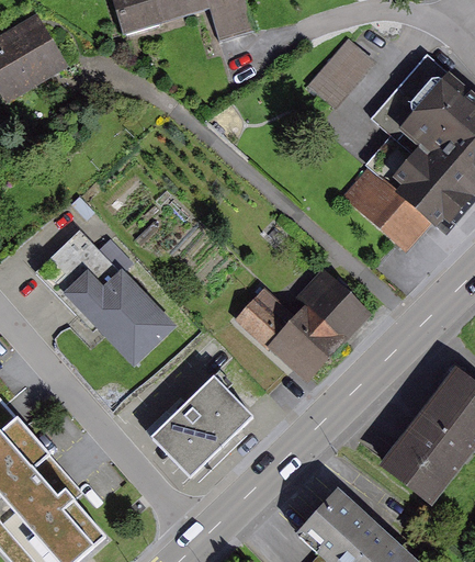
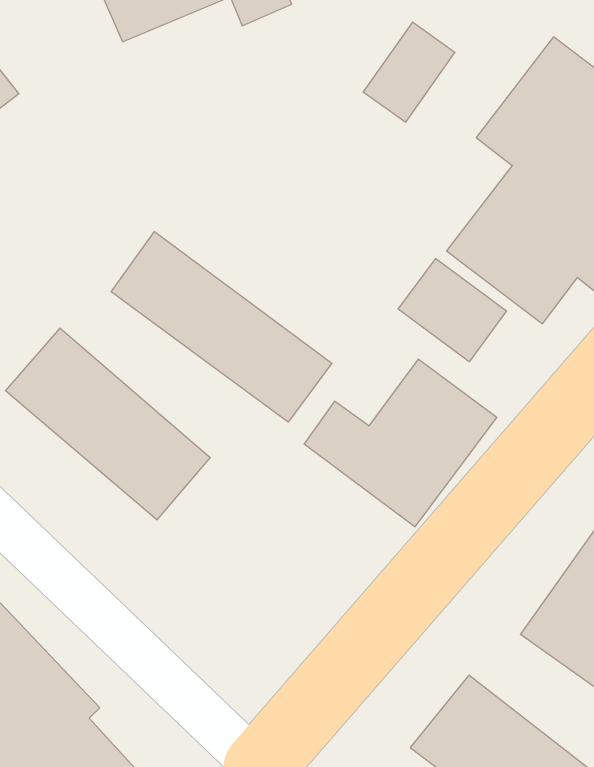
building: none -> [111,231,332,422]
building: none -> [398,258,506,362]
building: [150,385,261,498] -> none

